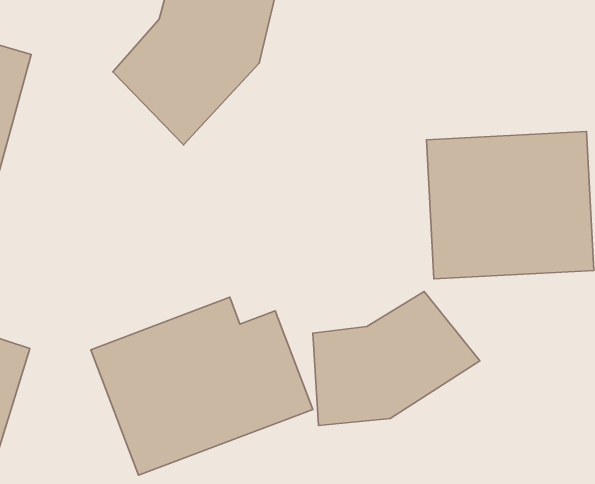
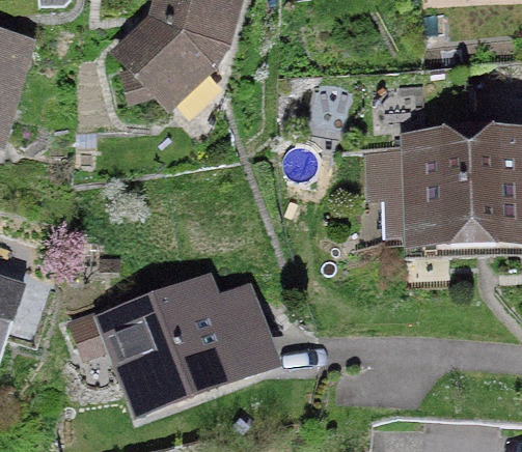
building: [313,291,480,426] -> none

